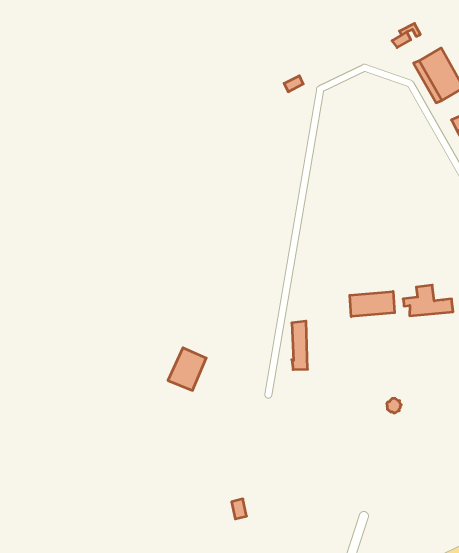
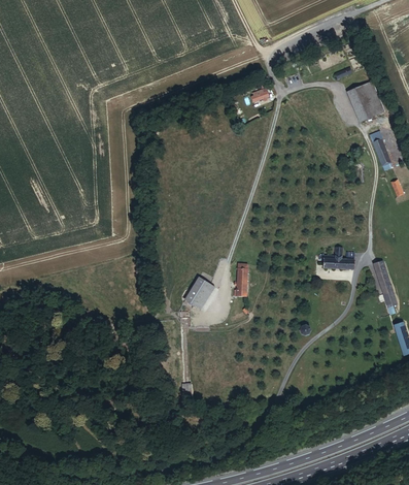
building: [350,291,395,317] -> none
building: [168,348,206,390] -> [186,279,215,310]

